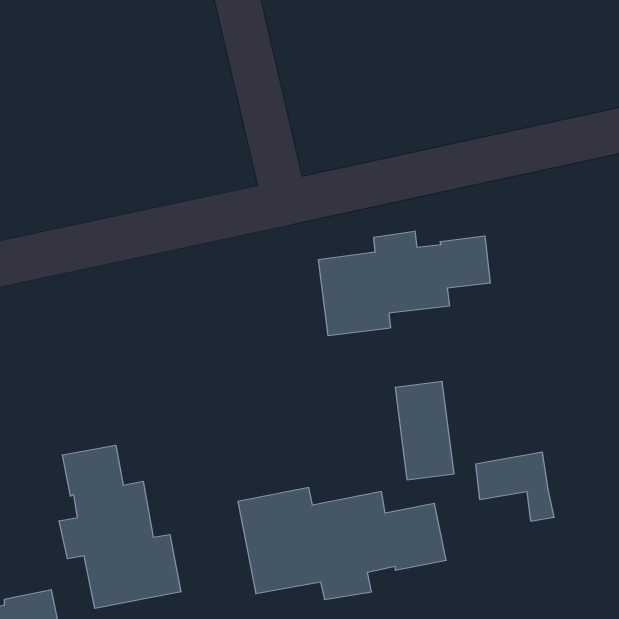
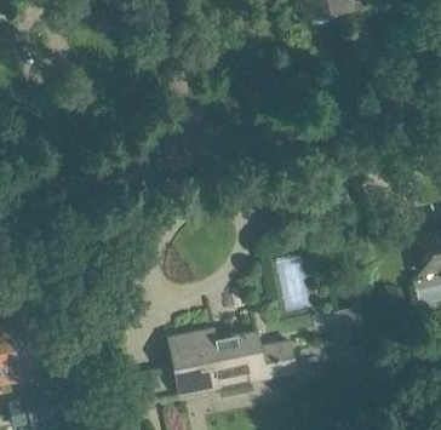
building: [319,231,490,336] -> none
building: [59,445,181,608] -> none

